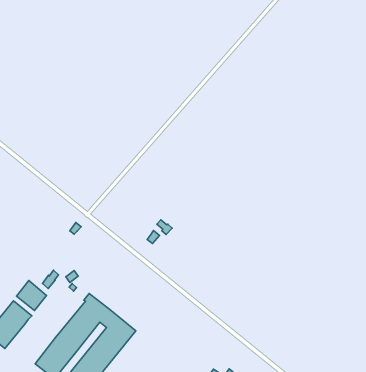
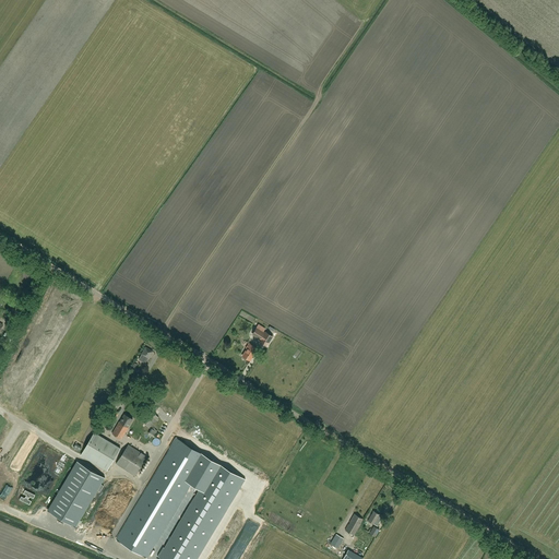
building: none -> [115,444,146,476]

